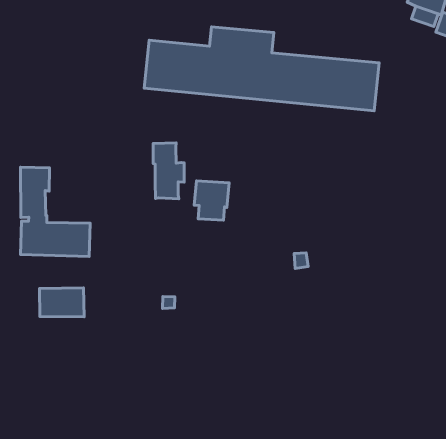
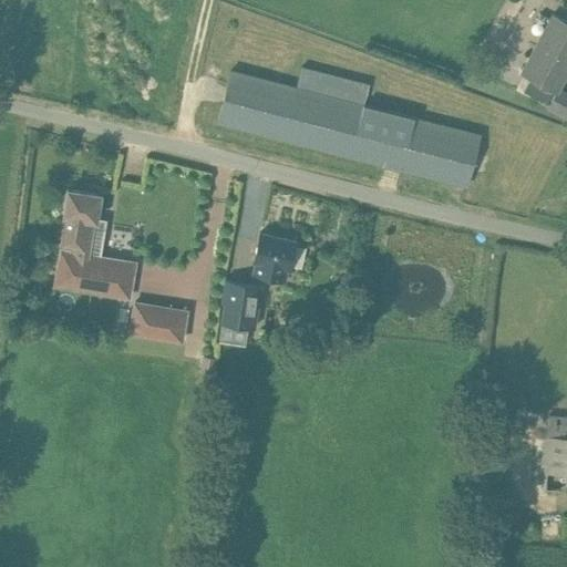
building: [153,143,184,199] -> [221,281,259,347]
building: [39,288,84,317] -> [133,303,186,342]

